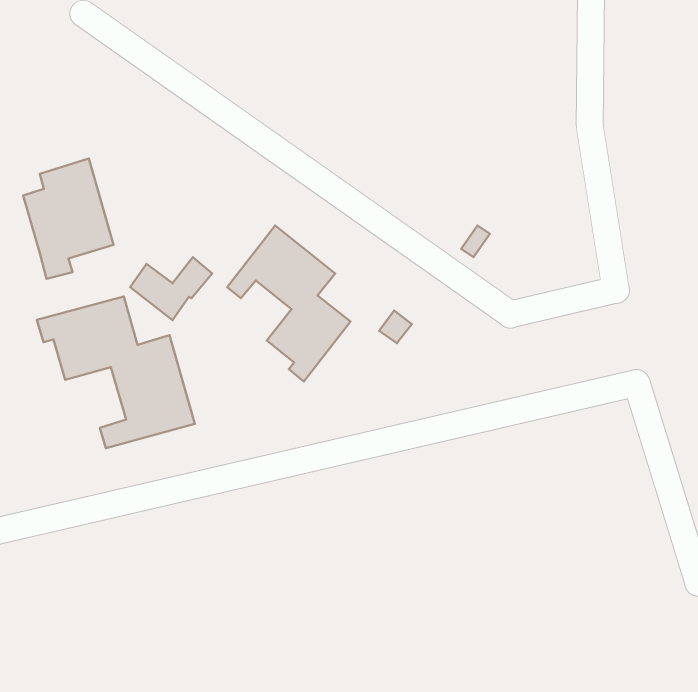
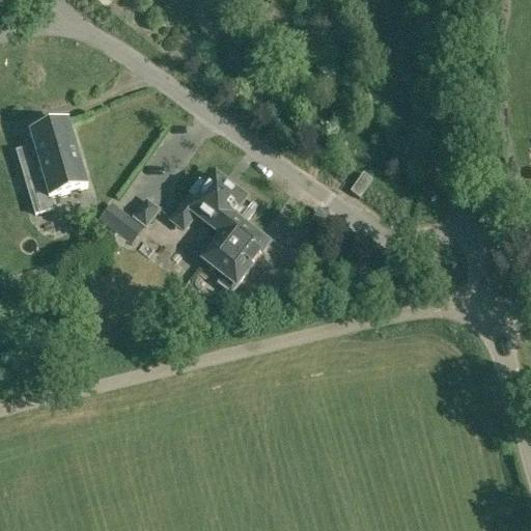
building: [37,296,195,448] -> none

